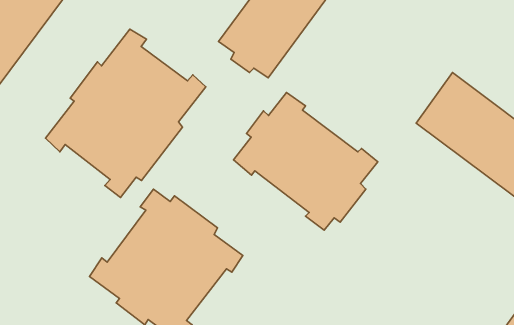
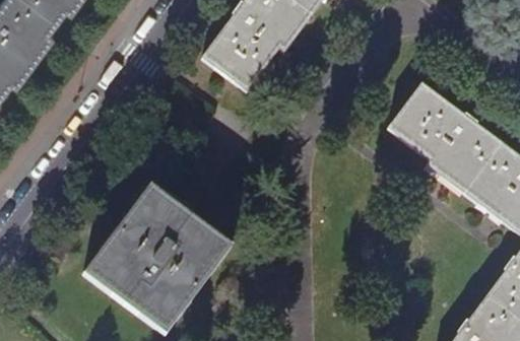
building: [46,29,206,197] -> none
building: [233,93,378,230] -> none

